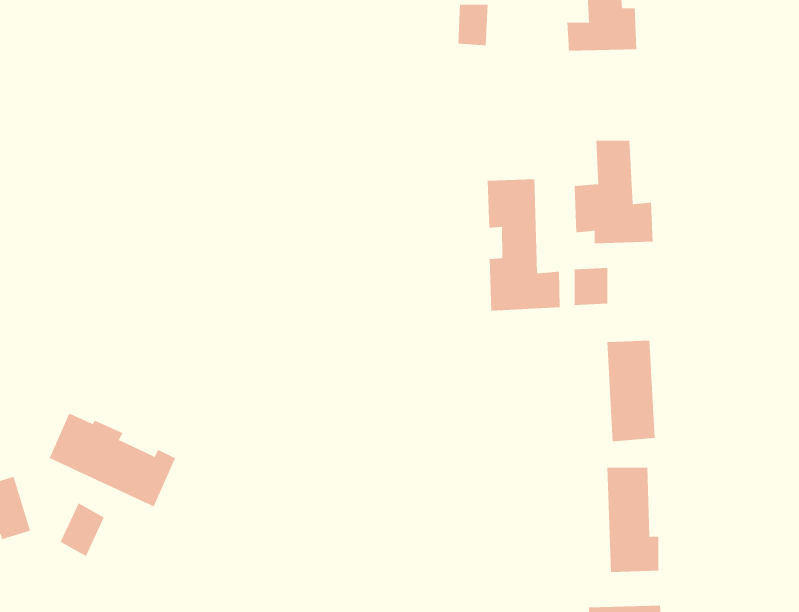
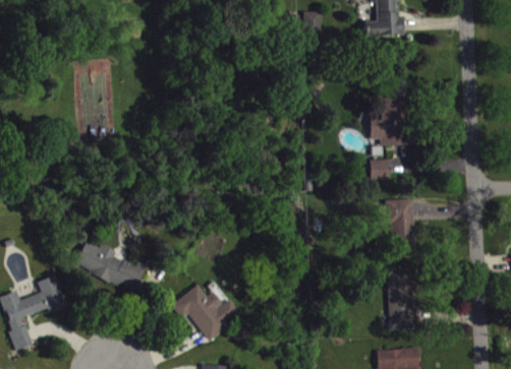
building: [487,178,560,311] -> none
building: none -> [170,285,241,337]
building: [60,502,105,557] -> none

